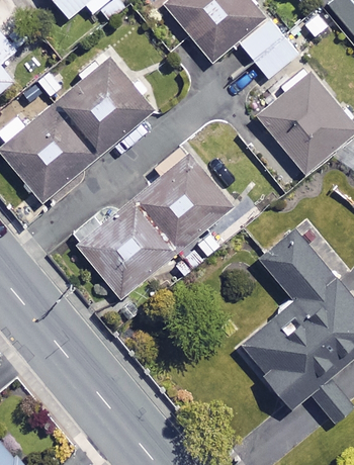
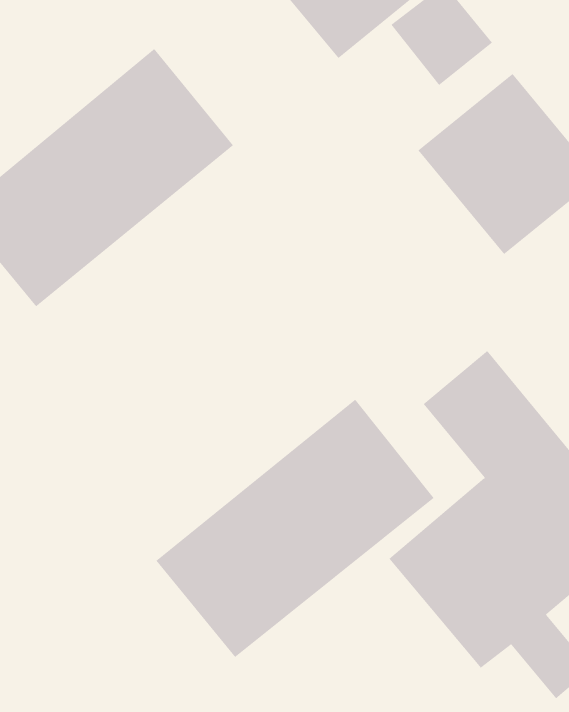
building: [76,153,233,298] -> [156,399,435,658]

